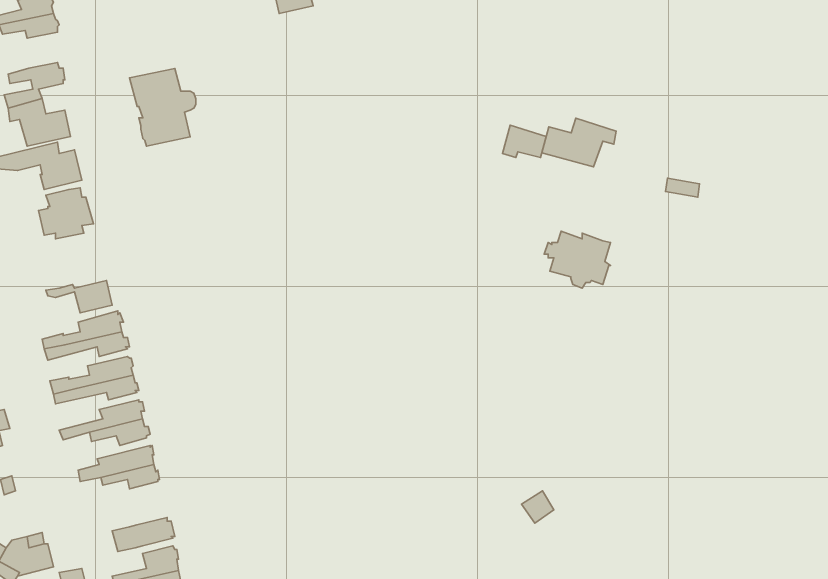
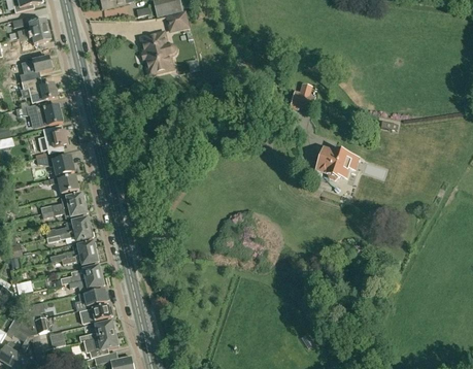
building: [130,69,196,146] -> [139,31,175,73]
building: [542,118,616,167] -> none
building: none -> [35,154,74,174]
building: none -> [74,290,109,308]

